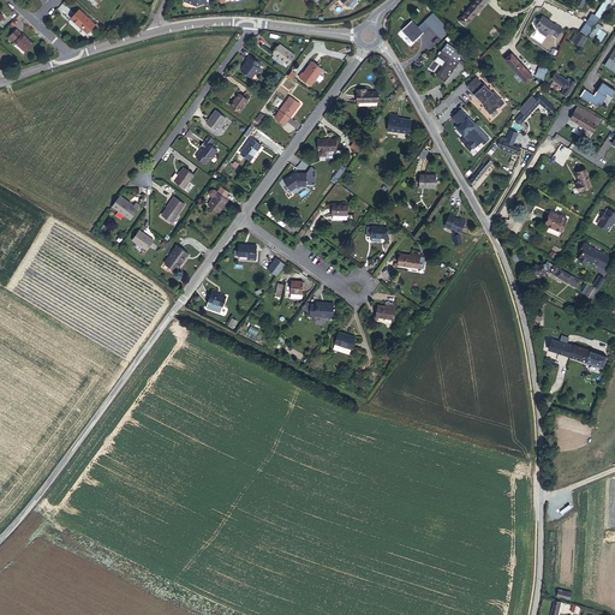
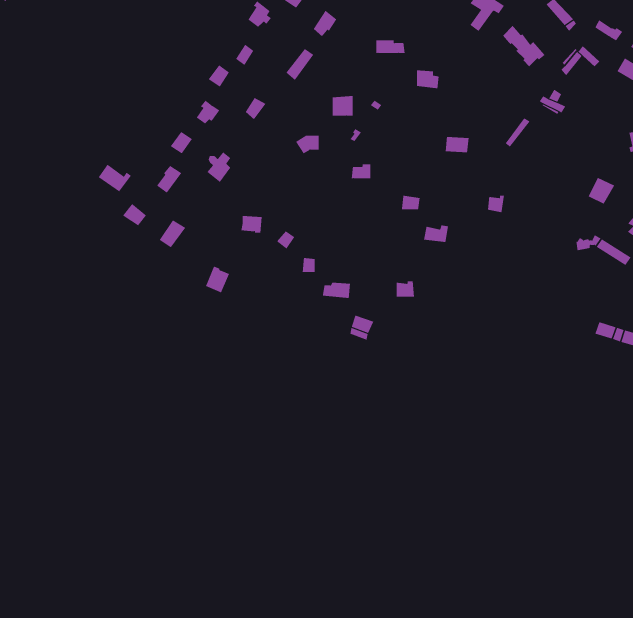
building: [452,109,489,148] -> none

